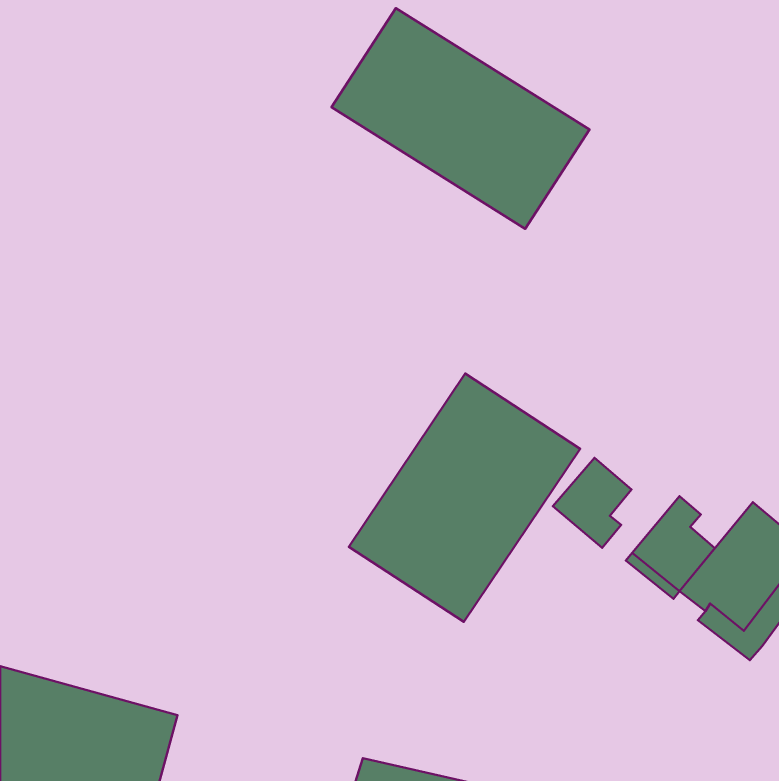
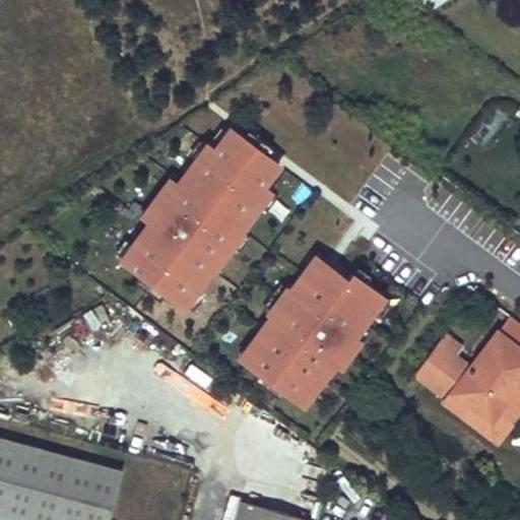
building: [331,8,589,229] -> none
building: none -> [115,126,285,314]
building: [553,458,631,548] -> none

